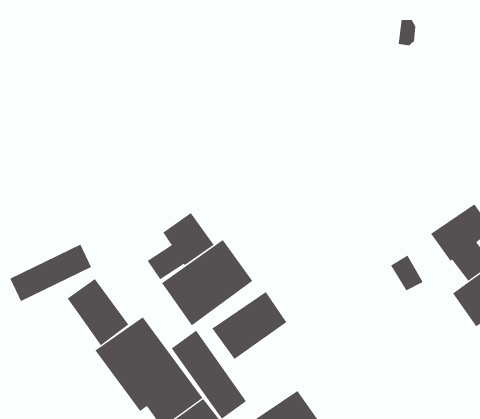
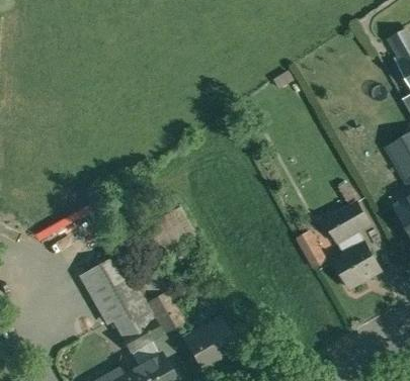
building: [147,212,215,280] -> none
building: [67,278,129,346] -> none
building: [212,291,287,360] -> none

